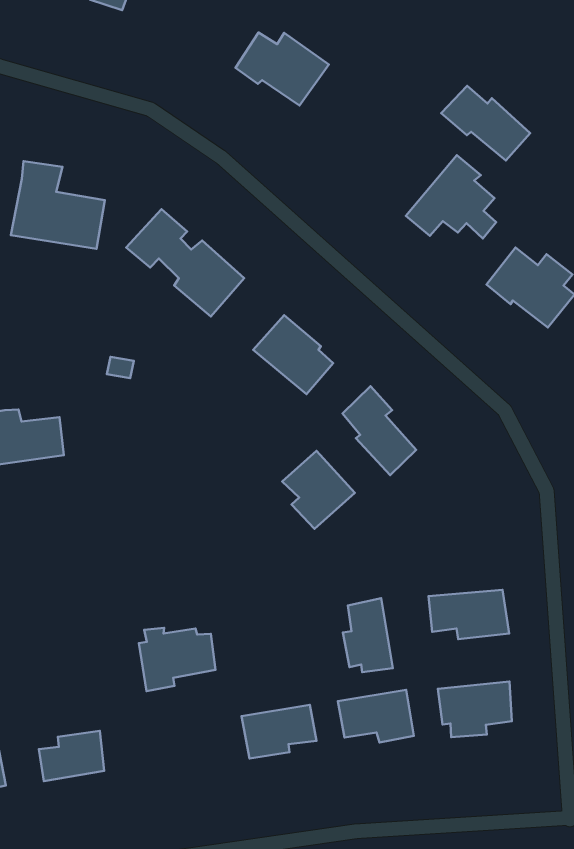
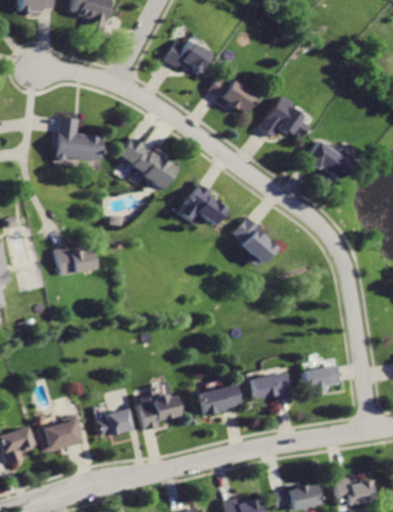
building: [441,86,530,161] -> [209,76,256,113]
building: [282,451,355,529] -> none
building: [429,590,509,639] -> none
building: [343,598,393,672] -> none
building: [139,628,216,691] -> [139,395,180,429]

